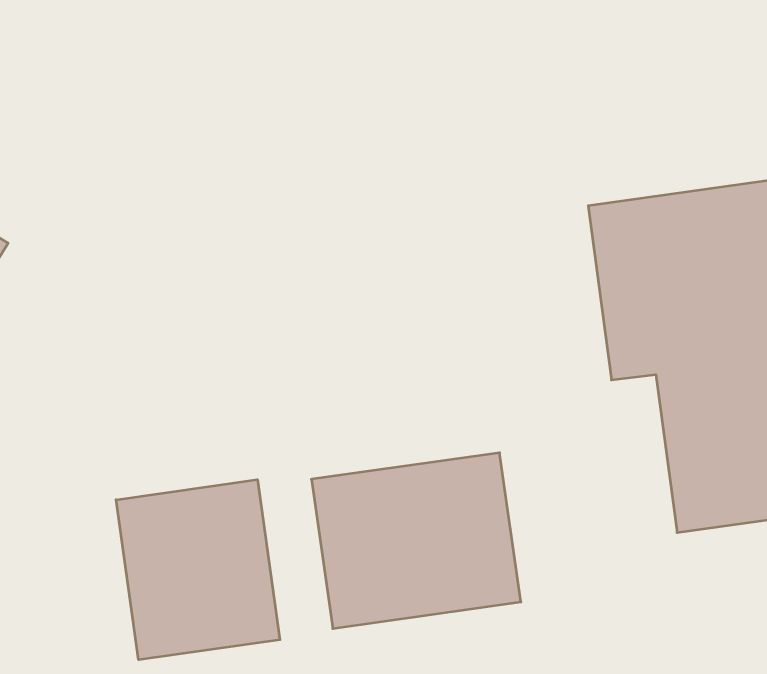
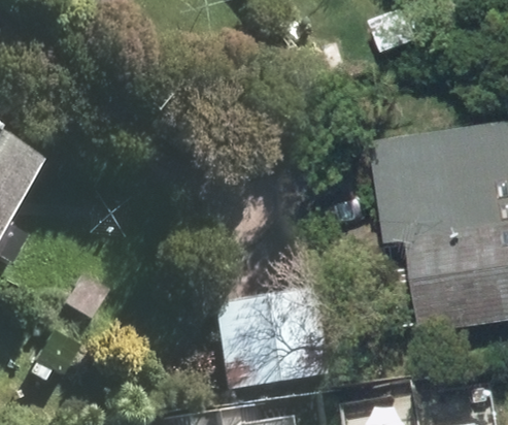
building: [116,480,280,660] -> none

